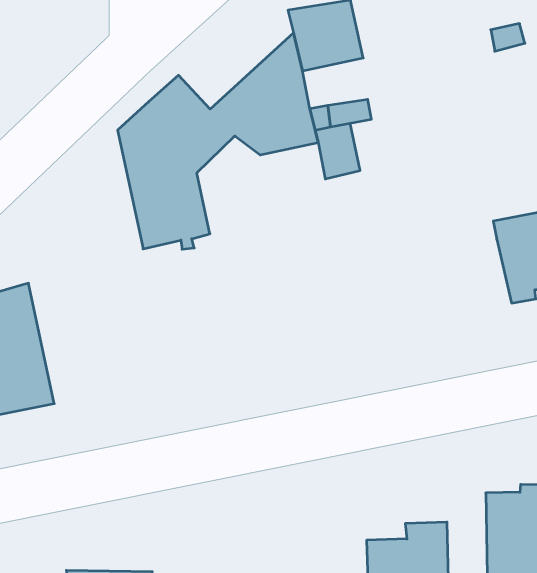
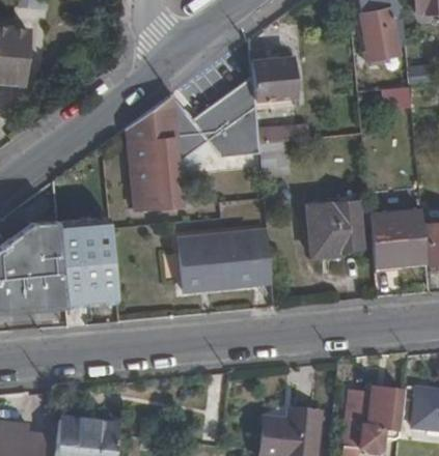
building: none -> [306,195,373,251]
building: none -> [181,228,273,287]
building: none -> [57,219,117,306]

